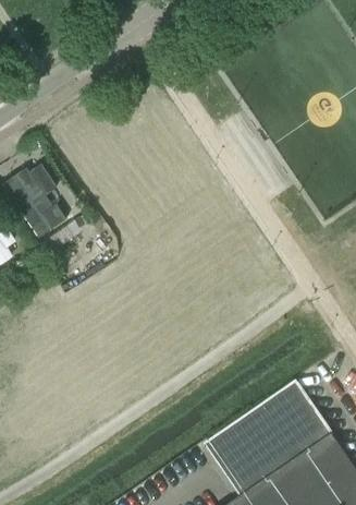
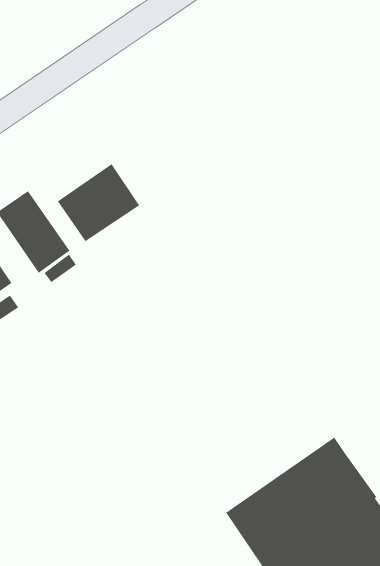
building: none -> [57,163,140,242]

